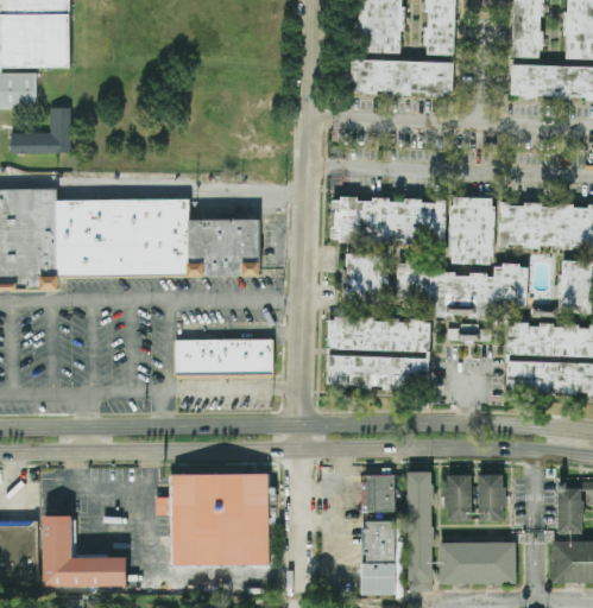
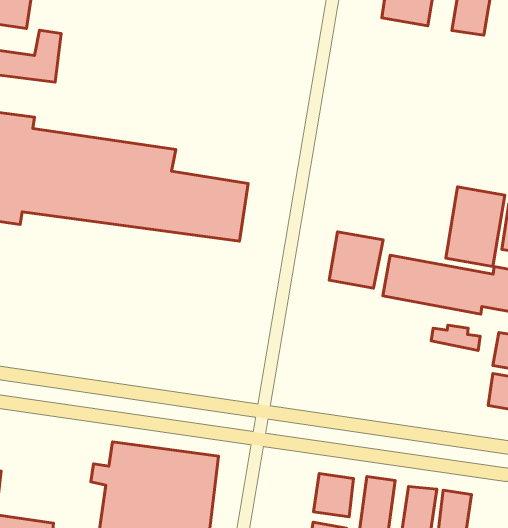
building: [351,59,454,94] -> none
building: [330,198,446,242] -> none
building: [326,316,431,388] -> none
building: [174,340,272,379] -> none

